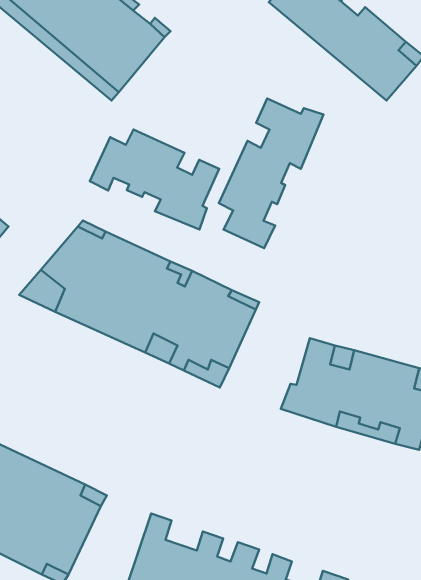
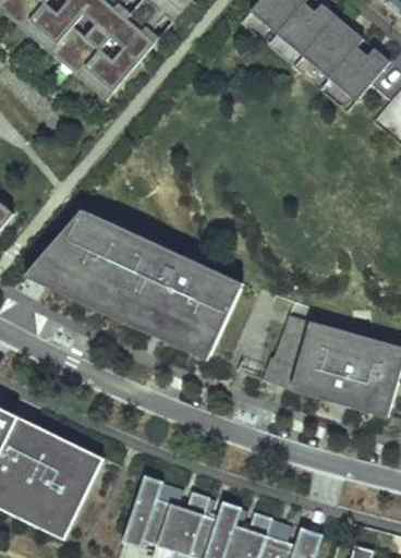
building: [219,99,323,248] -> none
building: [90,129,219,229] -> none

